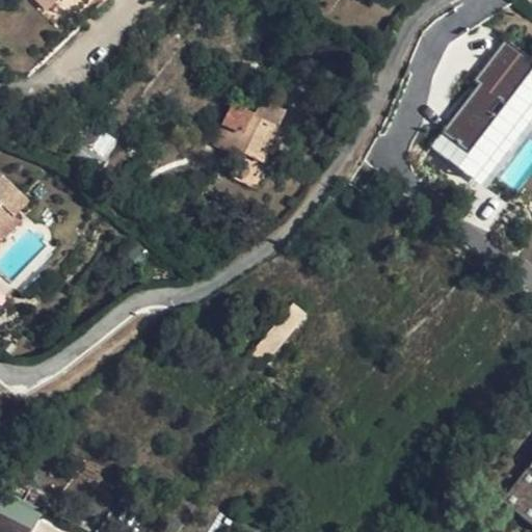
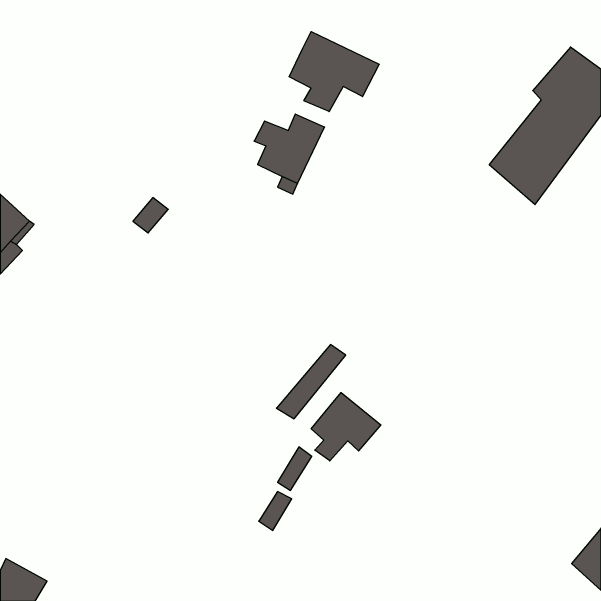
building: none -> [289,32,379,112]
building: none -> [311,393,381,461]

